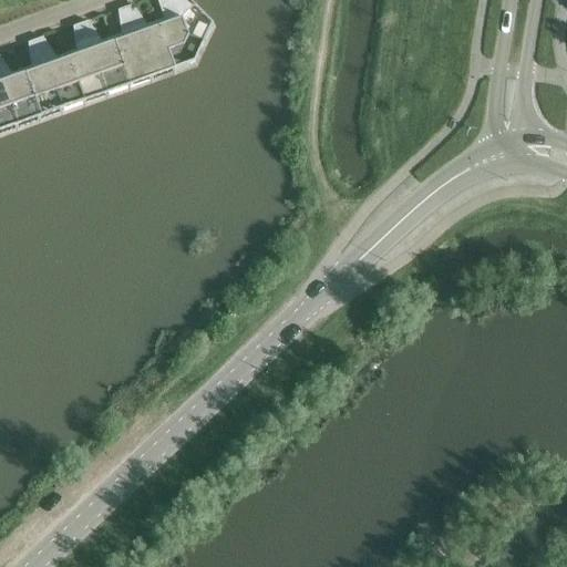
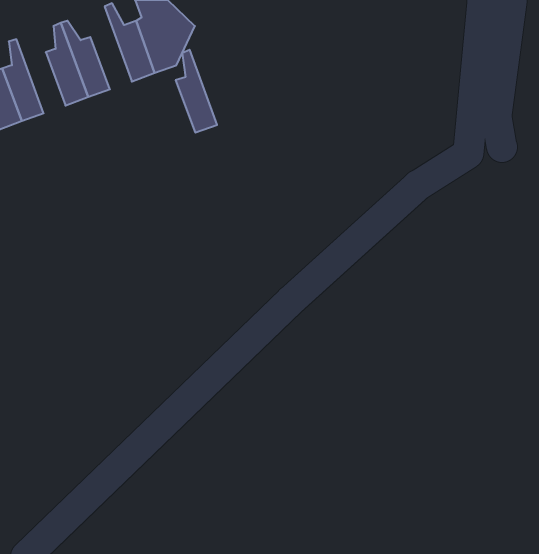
building: [92,9,134,93] -> [176,50,217,133]
building: [17,39,66,117] -> none

